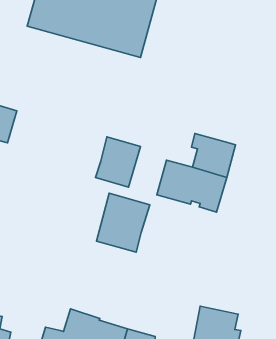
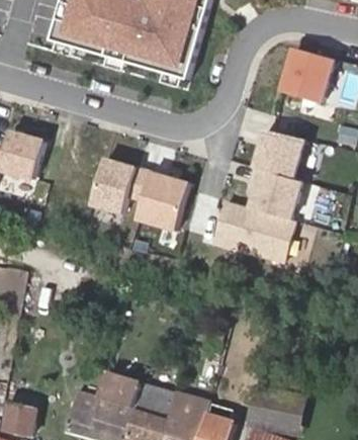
building: none -> [275,43,326,97]
building: none -> [253,126,303,177]
building: none -> [91,157,150,211]
building: [96,193,150,252] -> none

